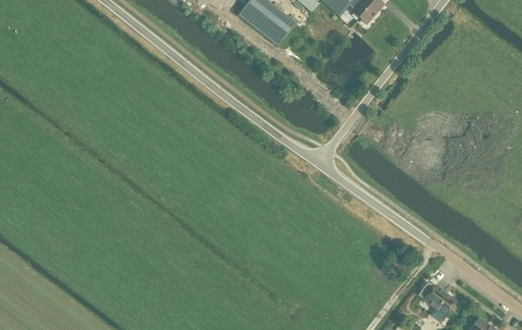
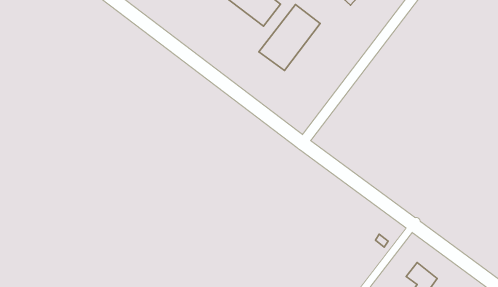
building: none -> [259,4,320,71]

